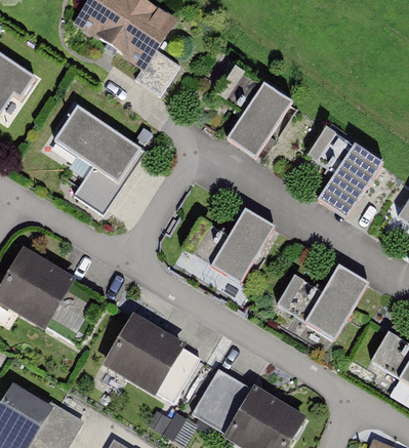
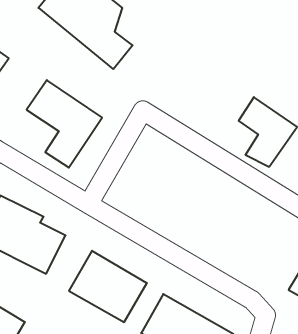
building: [215,71,290,158] -> none
building: [181,207,275,278] -> none
building: [278,261,369,337] -> none

